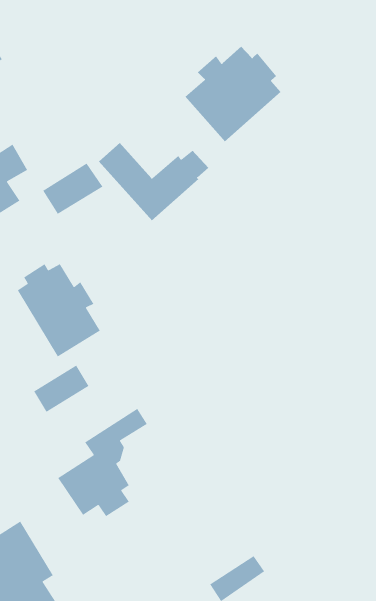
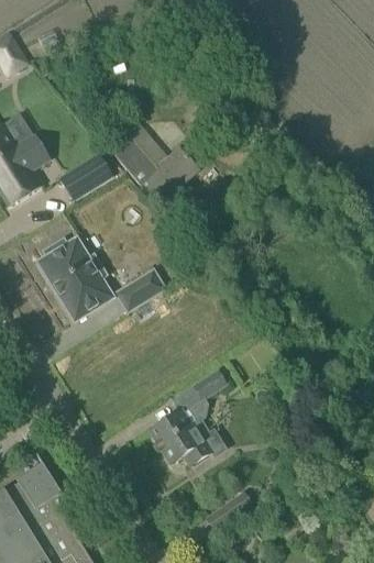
building: [185,46,281,142] -> none
building: [33,364,89,413] -> [116,269,164,311]
building: [57,408,148,517] -> [148,371,227,465]

